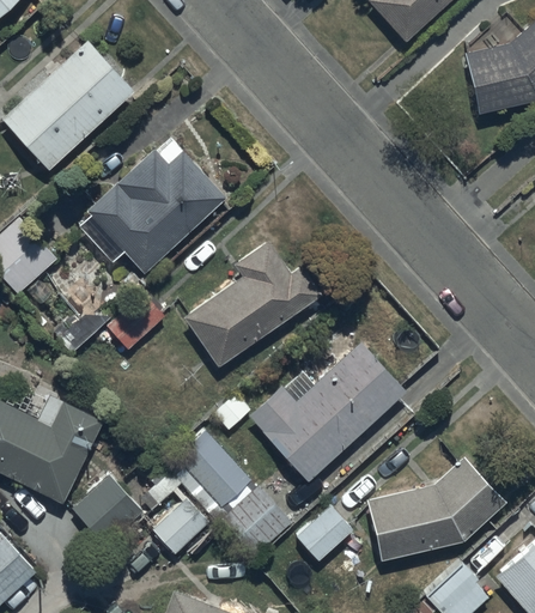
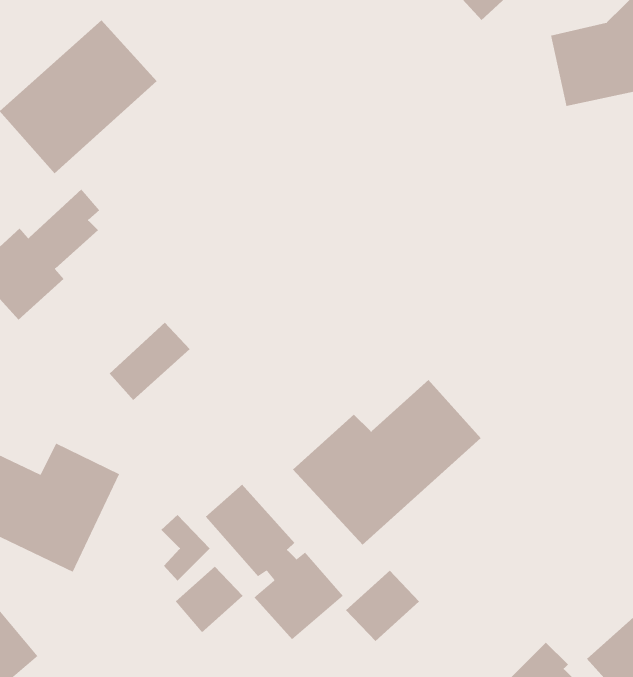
building: [89,139,225,274] -> none
building: [183,239,314,369] -> none
building: [367,459,505,560] -> none
building: [75,477,141,544] -> none

